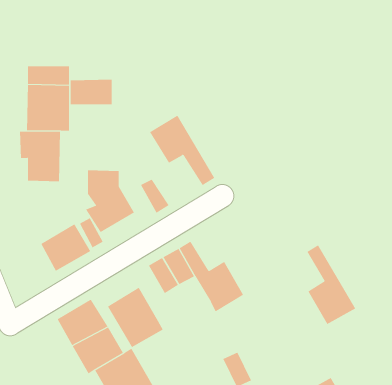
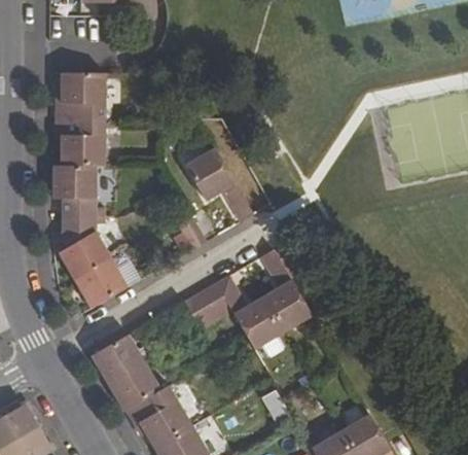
building: [70,79,113,105] -> [62,74,105,100]
building: [85,170,135,233] -> [60,216,110,280]
building: [306,245,356,325] -> [260,250,311,331]
building: [107,287,164,348] -> none

